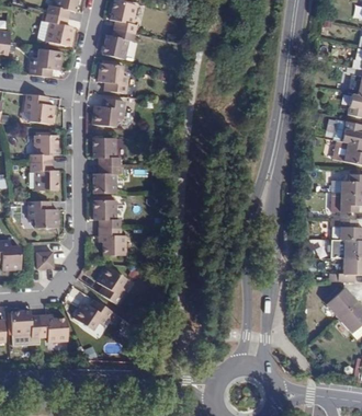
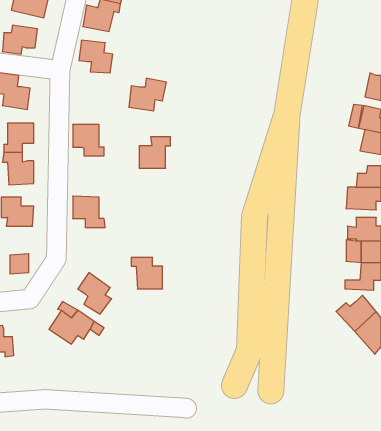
building: [90,100,123,128] -> [129,78,166,111]
building: [91,165,118,193] -> [139,137,171,168]
building: [99,228,126,255] -> [131,257,163,289]
building: [38,319,67,346] -> none

